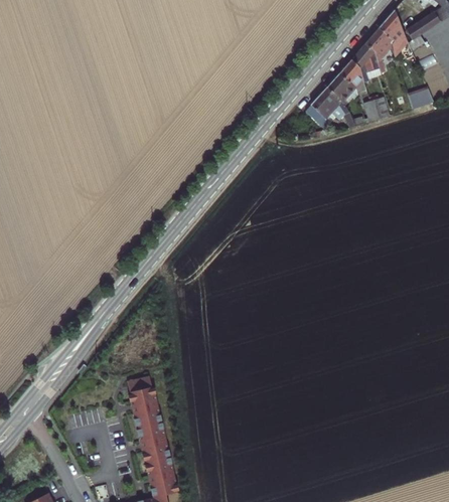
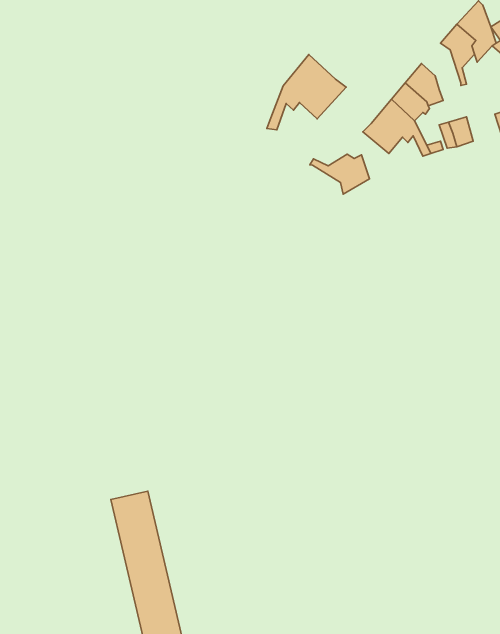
building: [353,42,383,76] -> none
building: none -> [267,54,346,130]
building: none -> [310,154,370,194]

